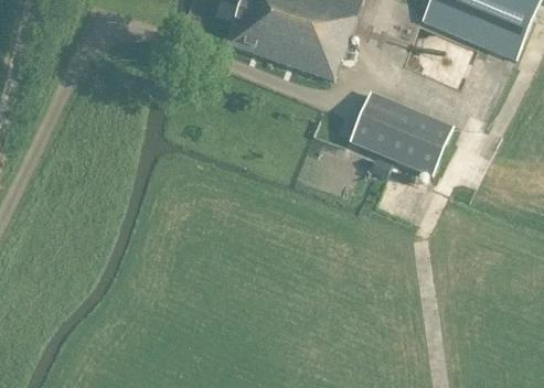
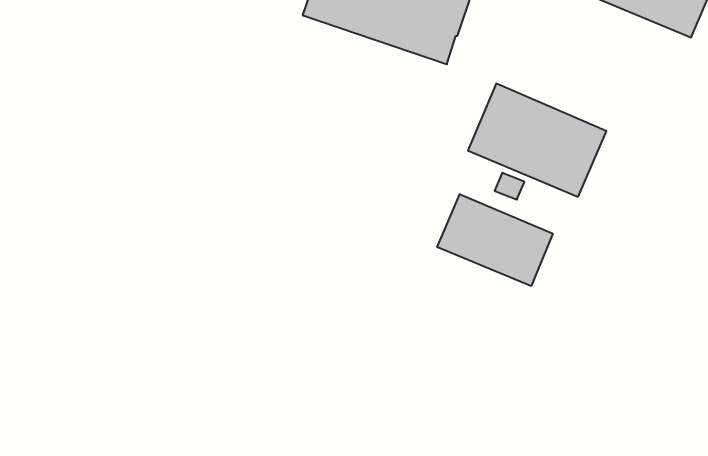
building: none -> [437,194,553,286]

